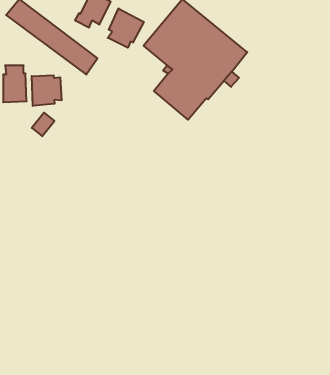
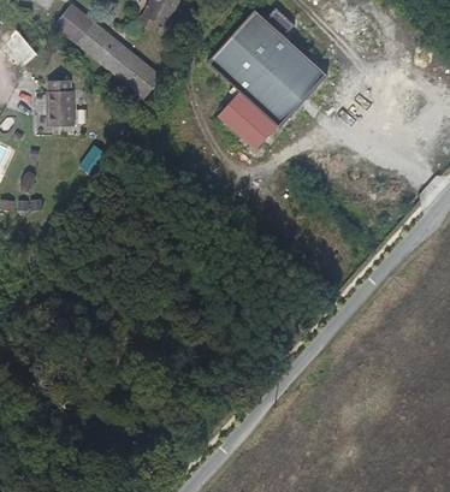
building: [108,8,144,48] -> none
building: [32,75,62,106] -> none

